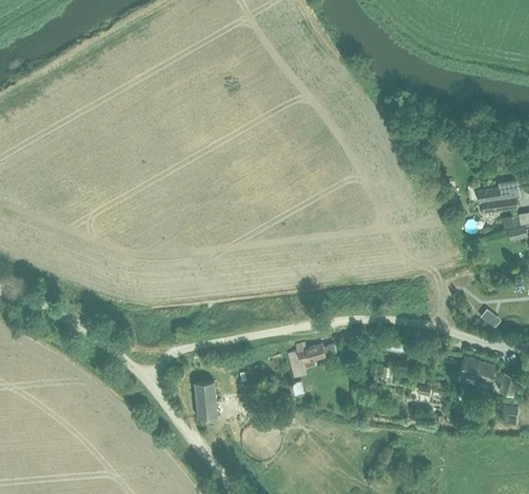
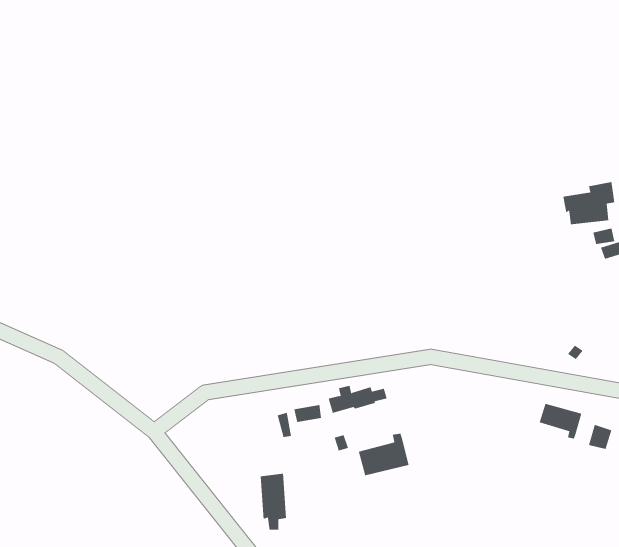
building: none -> [358,433,409,476]
building: [194,382,216,428] -> [260,473,287,530]

